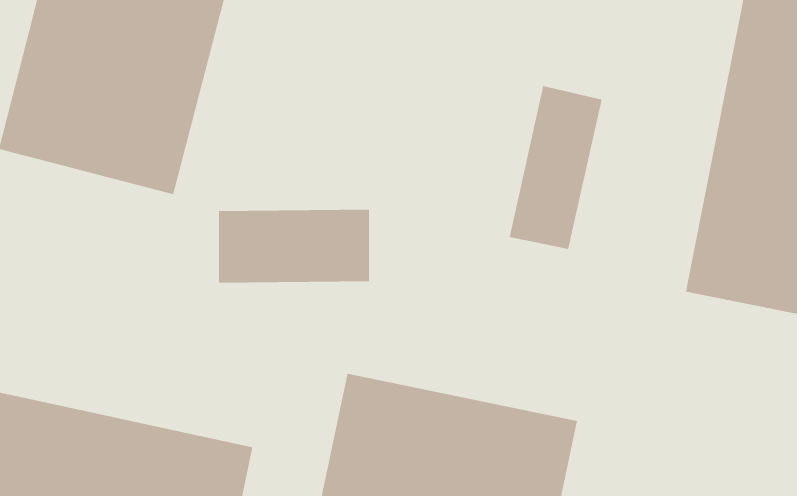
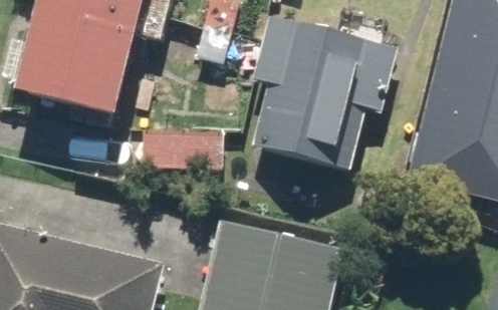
building: none -> [255,16,334,161]

